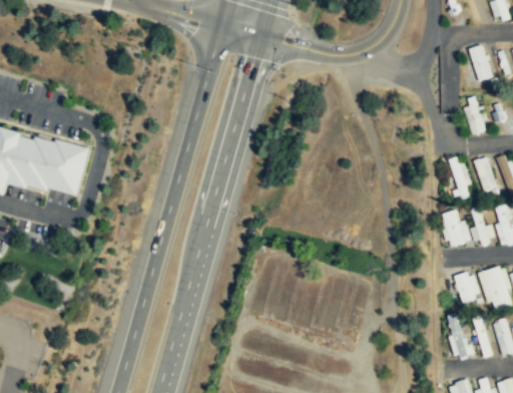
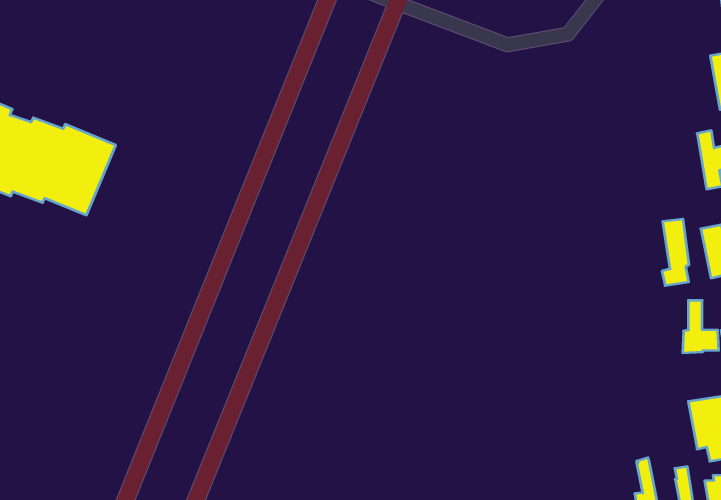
building: [439,210,469,247] -> none
building: [453,272,479,303] -> none

